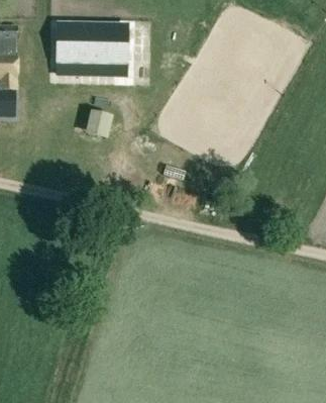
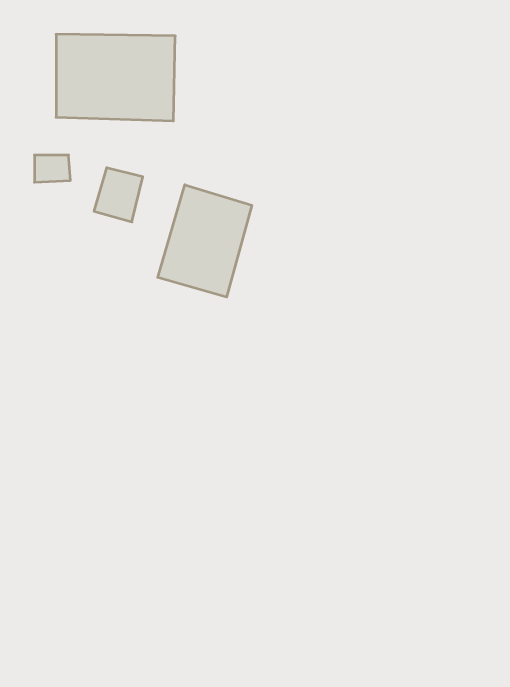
building: none -> [158,185,252,297]

